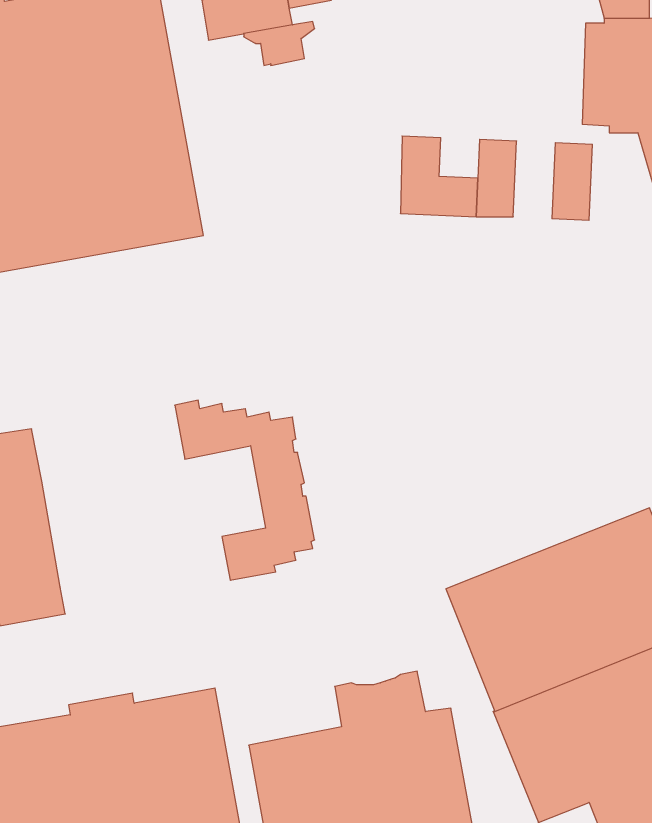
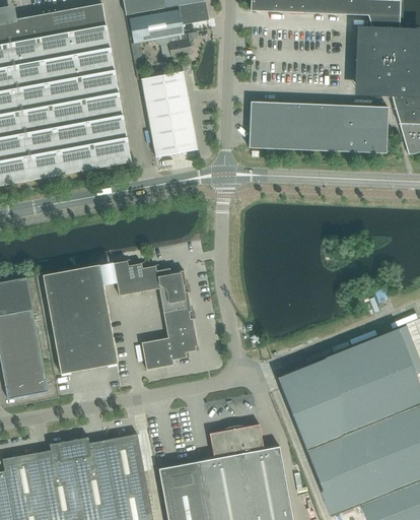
building: none -> [141,72,197,157]
building: none -> [272,103,296,127]
building: none -> [317,105,342,151]
building: none -> [362,107,388,153]
building: none -> [42,265,118,374]

